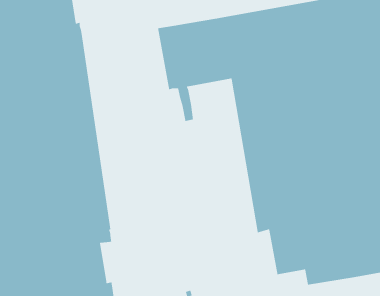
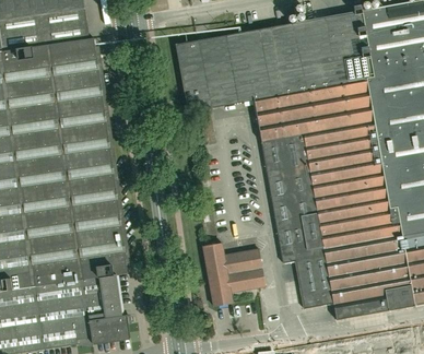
building: none -> [203,241,266,305]

